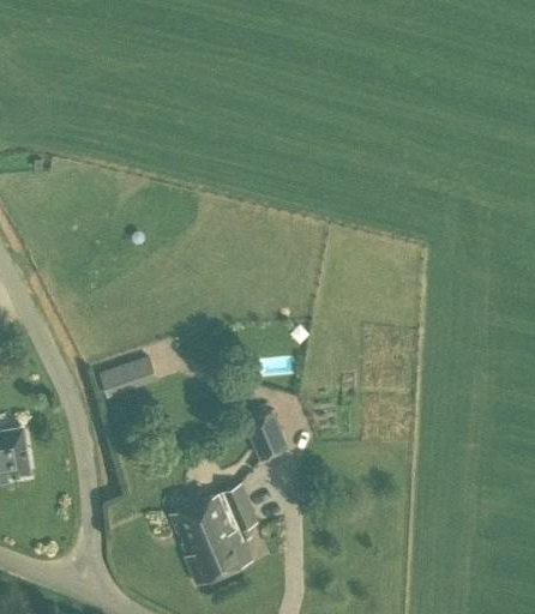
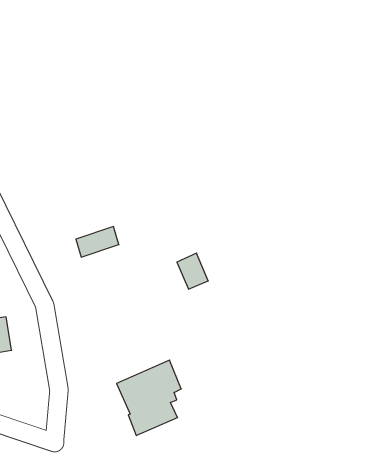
building: [100,355,157,396] -> [76,227,119,257]
building: [245,410,287,458] -> [177,253,208,289]

